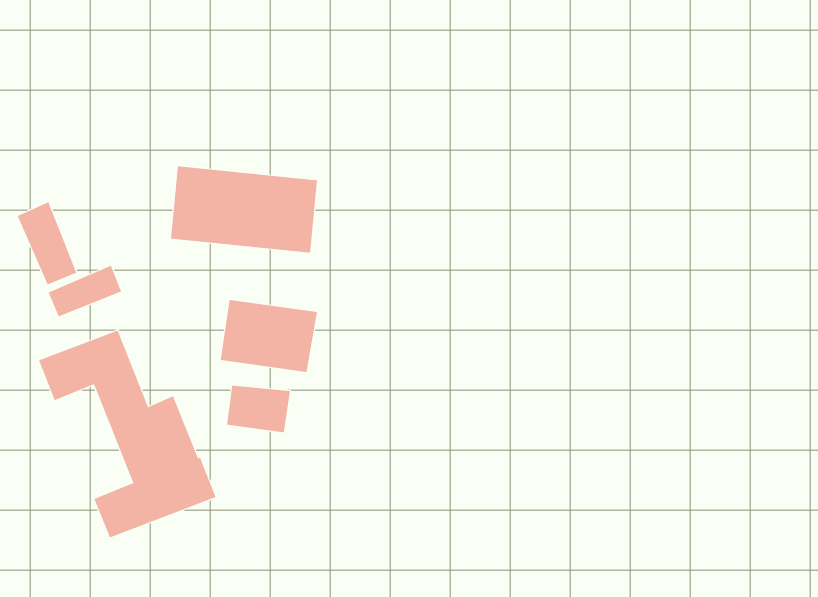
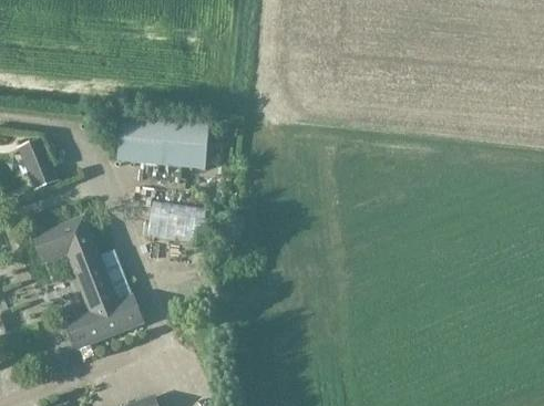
building: [48,265,122,317] -> none
building: [227,385,290,433] -> none

